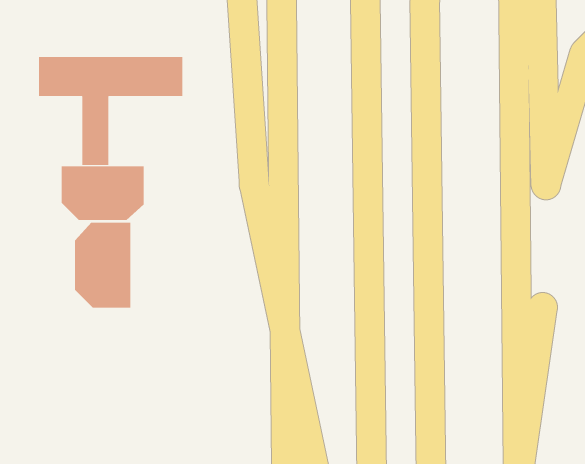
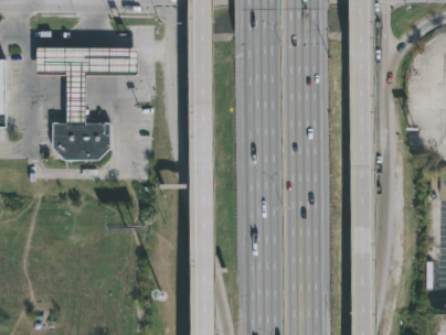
building: [74,222,131,309] -> none

